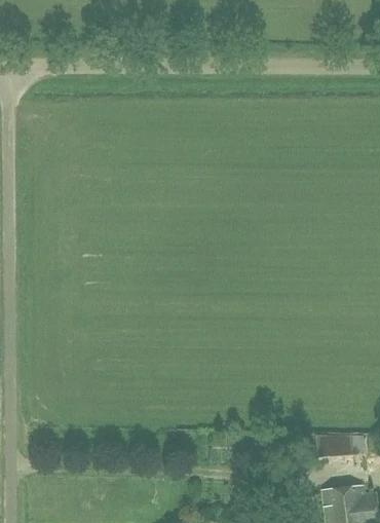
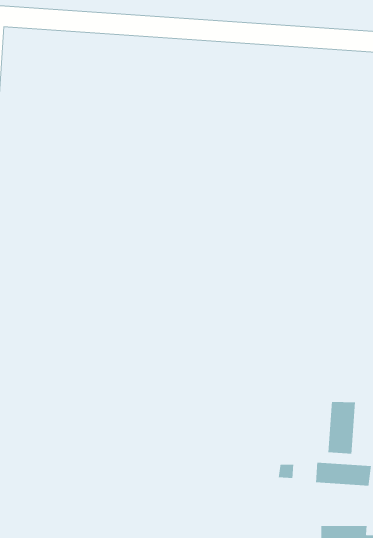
building: none -> [328,401,356,455]

